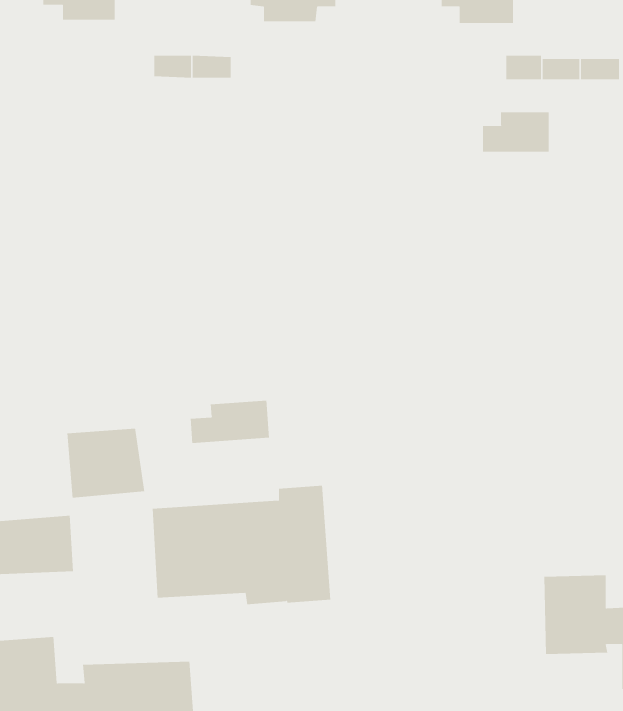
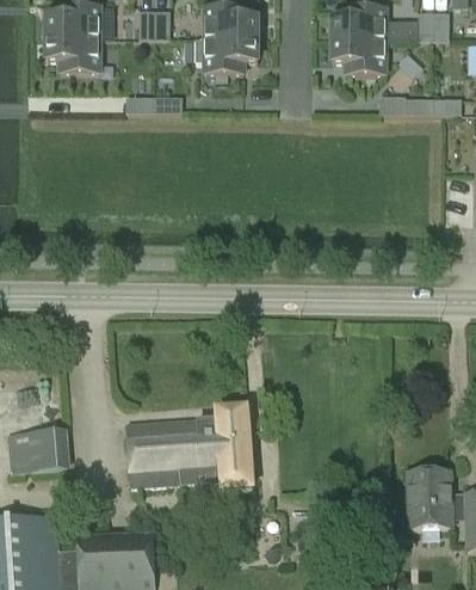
building: [482,111,549,153] -> none
building: [190,400,269,444] -> none
building: [67,428,145,498] -> none

